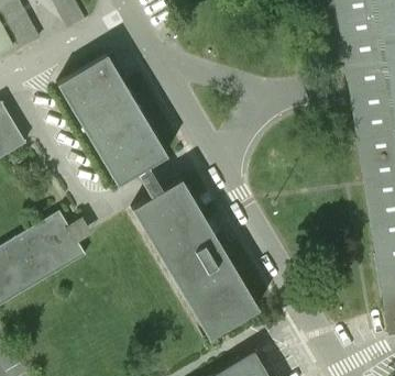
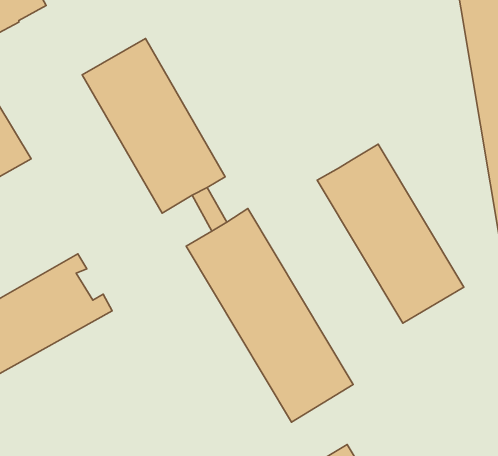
building: none -> [317,144,464,323]

